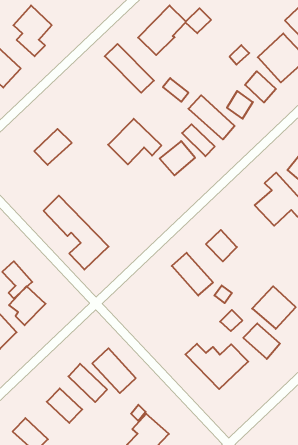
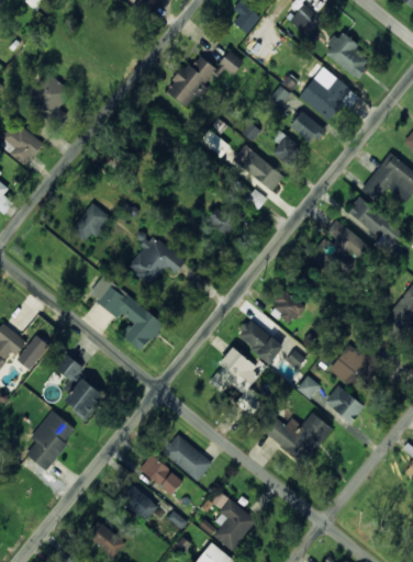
building: [105,44,154,93] -> none
building: [108,119,161,164] -> [127,236,186,286]
building: none -> [208,350,267,417]

